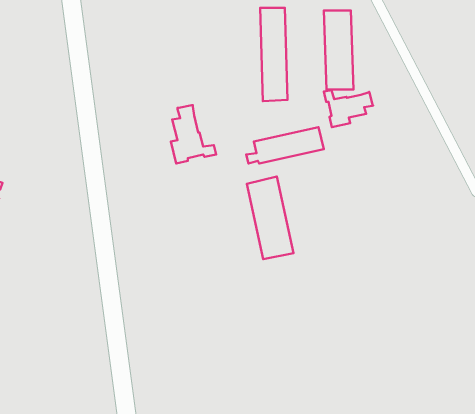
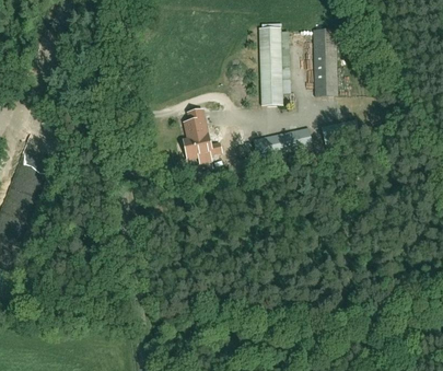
building: [324,90,373,127] -> none
building: [247,177,294,259] -> none

